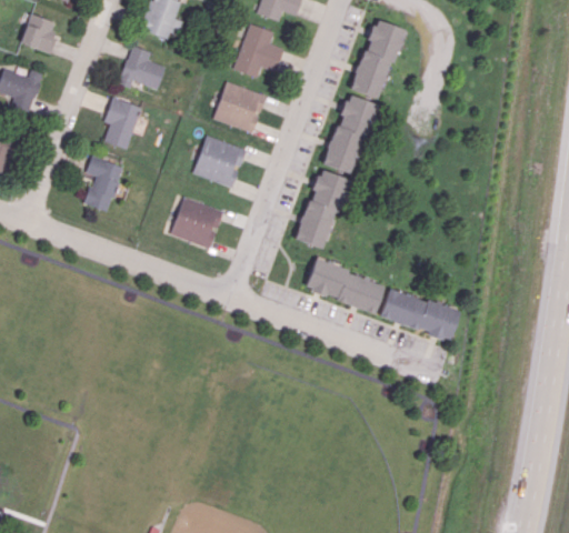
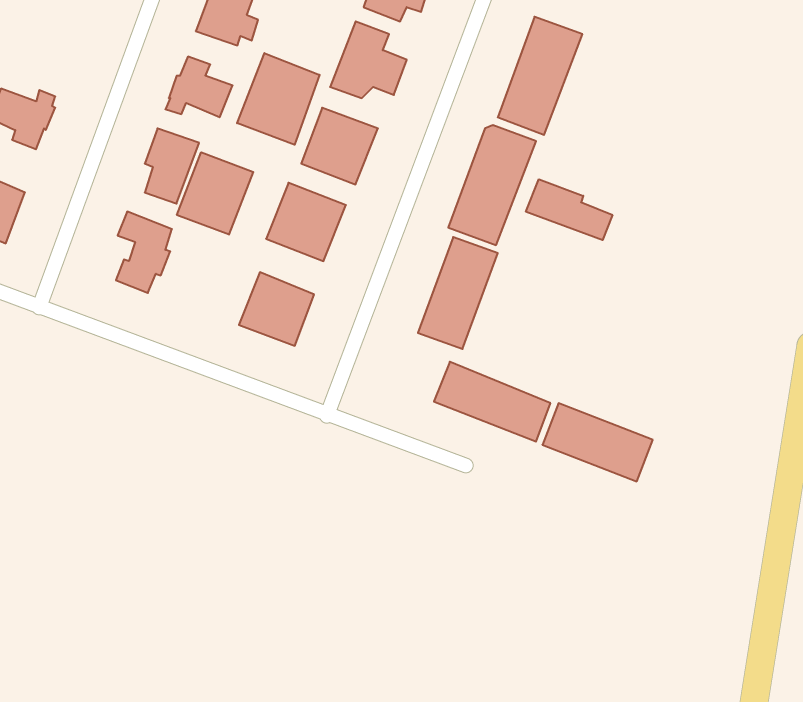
building: [20,13,57,54] -> none
building: none -> [237,53,320,145]
building: none -> [177,152,253,235]
building: none -> [526,179,612,240]

